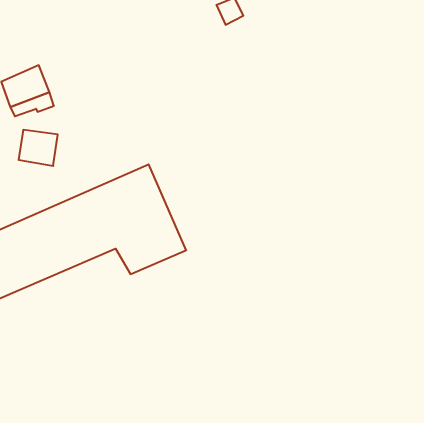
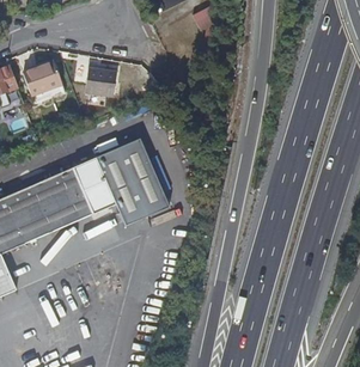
building: [19,130,58,166] -> [84,66,115,94]

